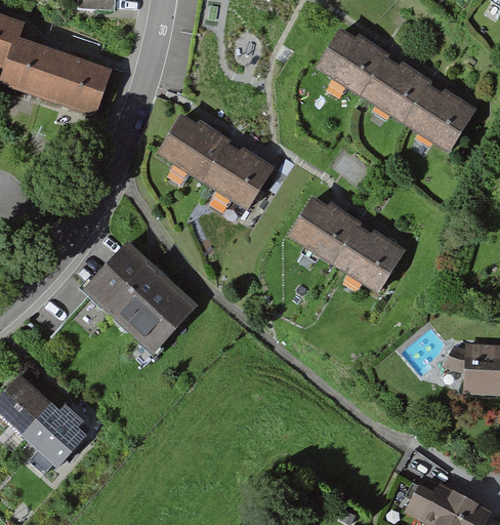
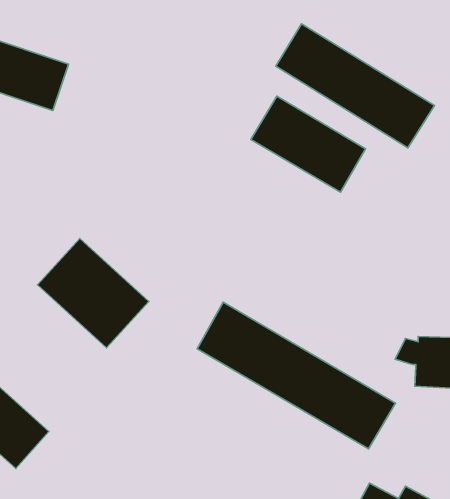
building: [158,113,273,207] -> none
building: [290,196,404,291] -> [251,96,365,192]
building: none -> [197,302,395,449]

